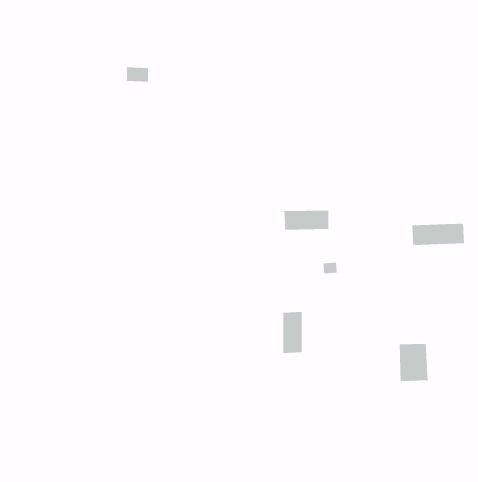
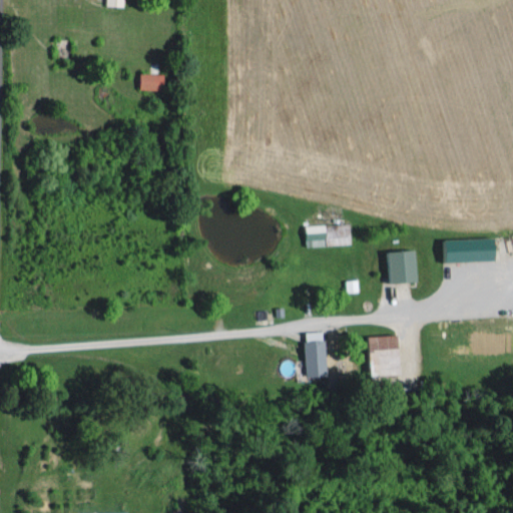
building: none -> [387,250,415,284]
building: [399,343,428,382] -> [368,336,399,377]

